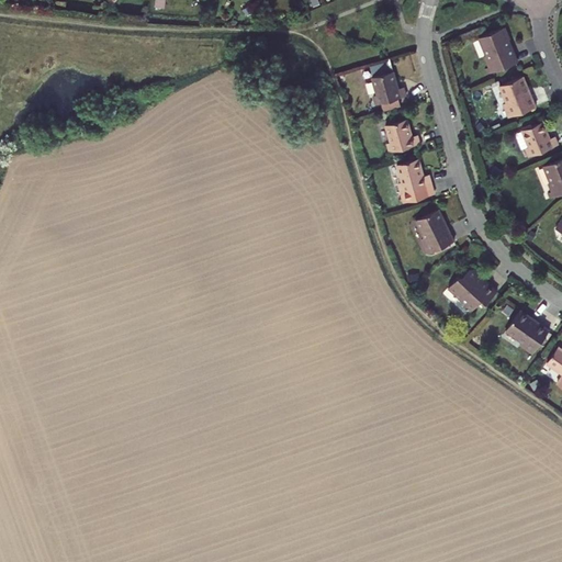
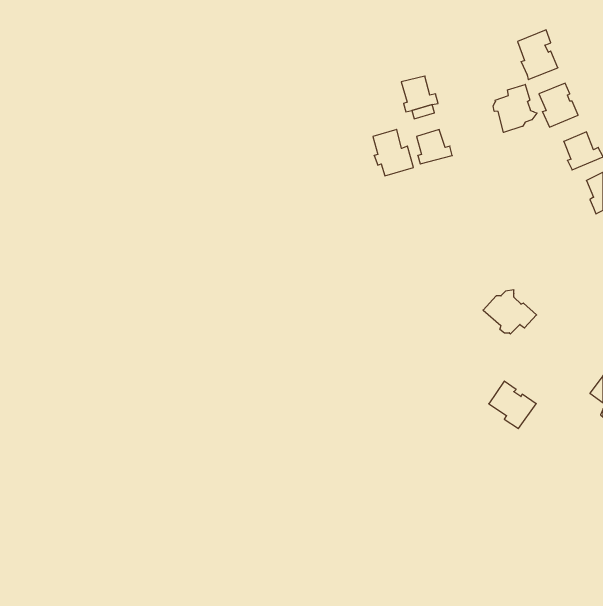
building: none -> [493,84,537,132]
building: [396,159,434,202] -> [373,129,413,176]
building: [416,210,453,254] -> none
building: [504,311,548,355] -> [489,381,536,429]

